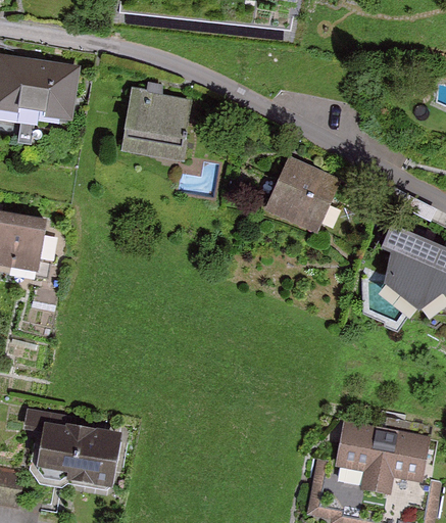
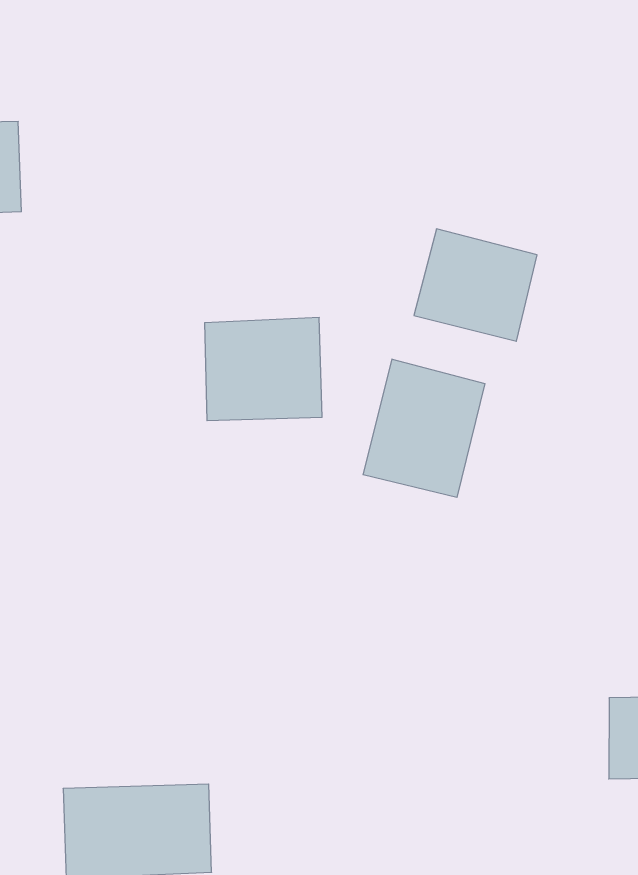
building: [123,93,192,153] -> [205,318,322,421]
building: none -> [363,359,485,497]

